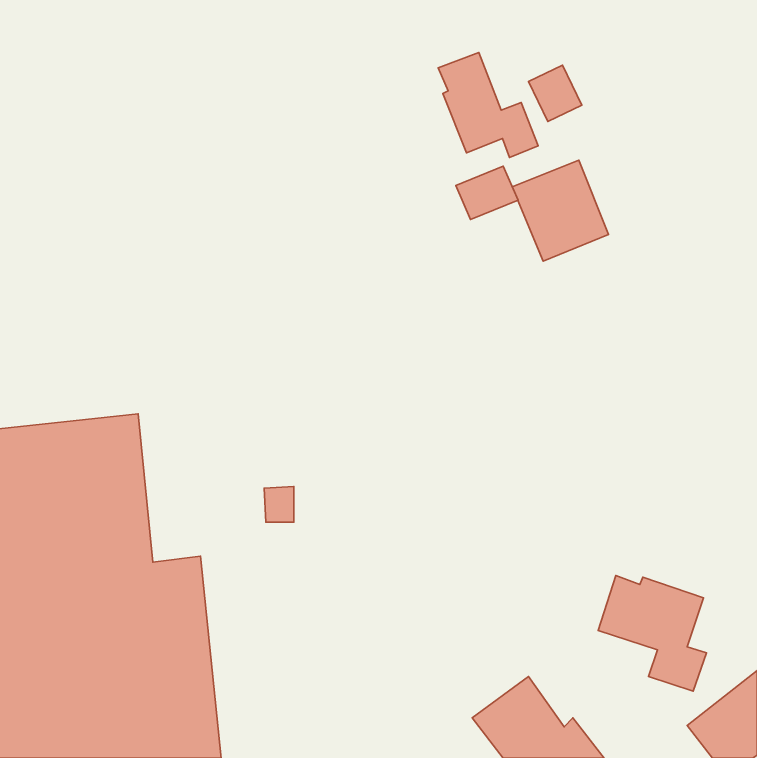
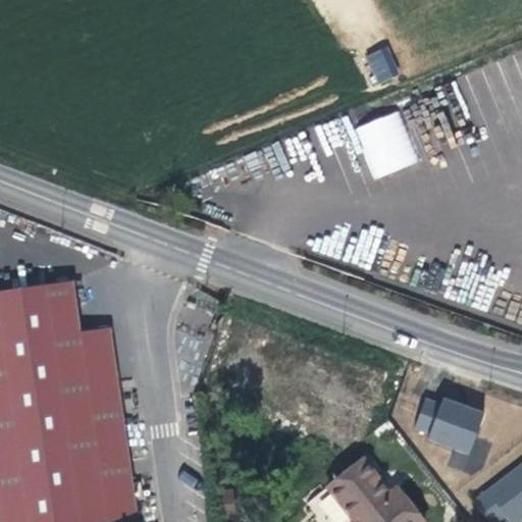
building: [438,52,538,157] -> none

